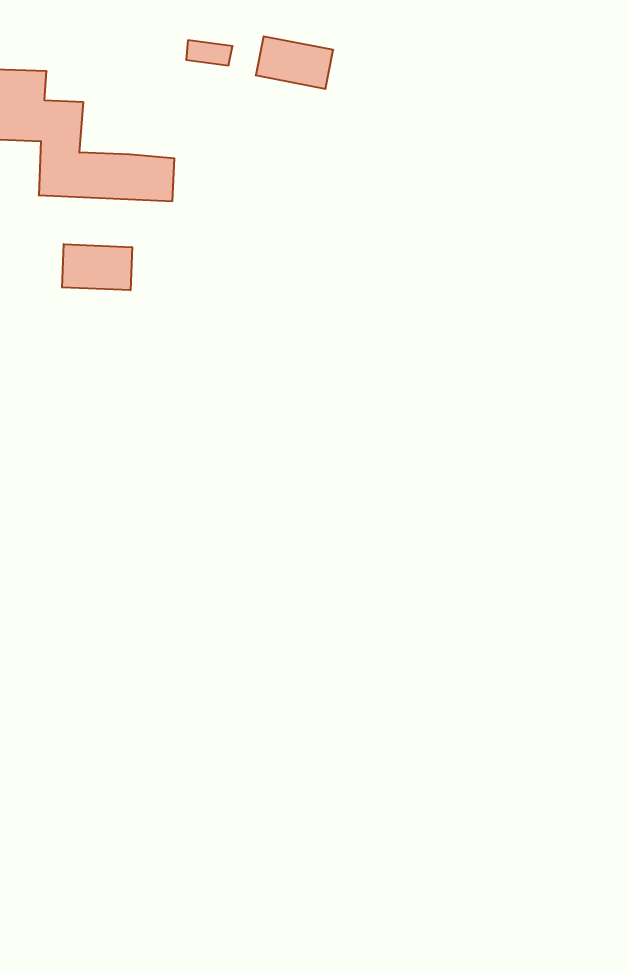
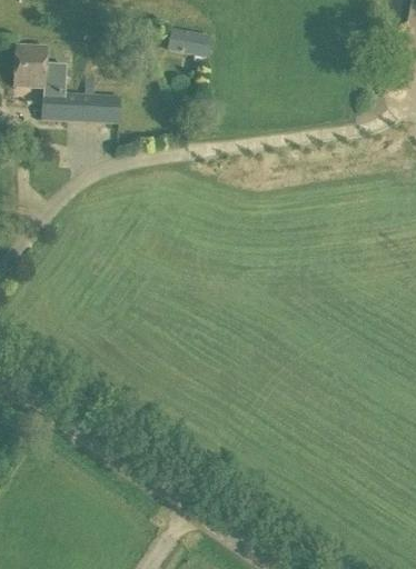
building: [62,244,132,290] -> none

